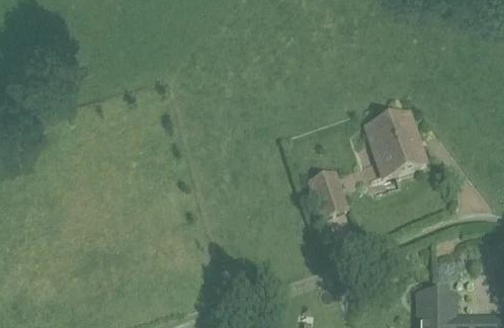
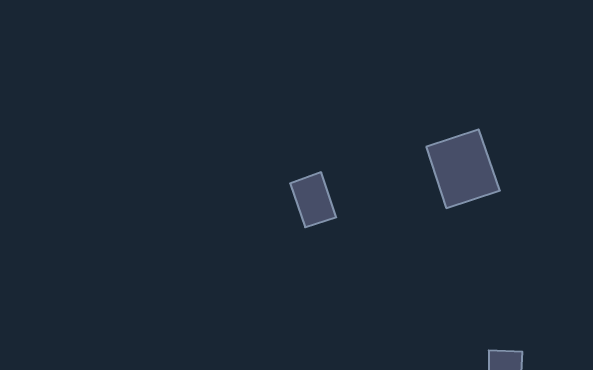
building: [310,173,347,218] -> [290,172,336,227]

